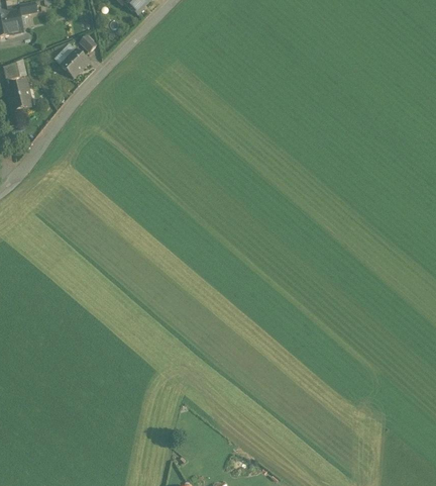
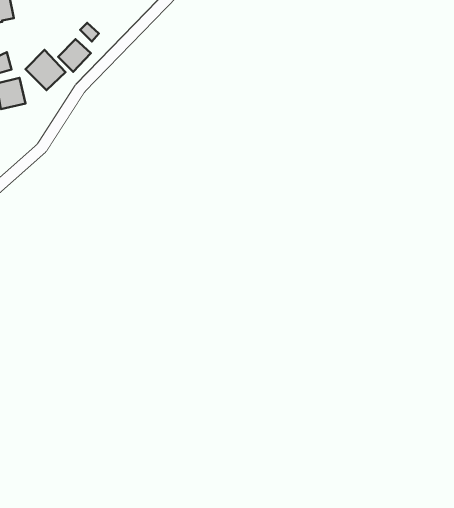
building: none -> [25,50,66,90]

